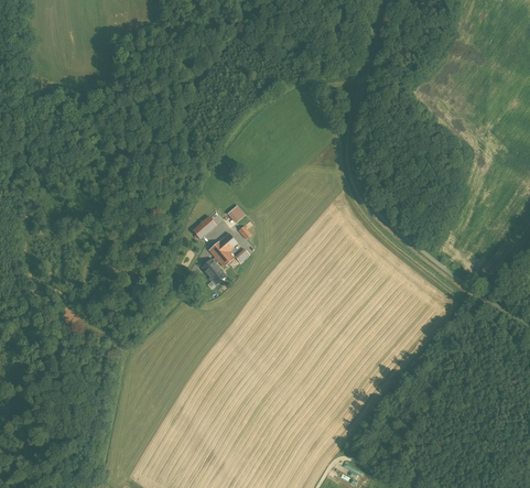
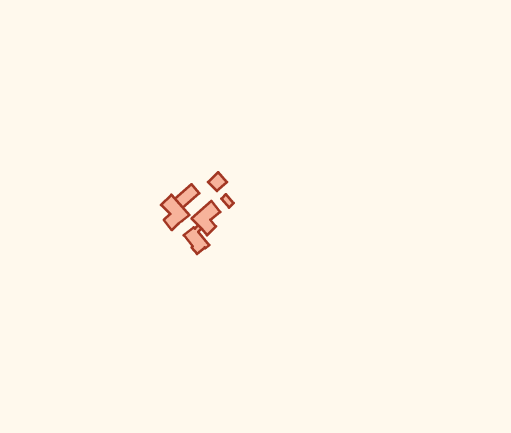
building: none -> [161,195,189,230]

